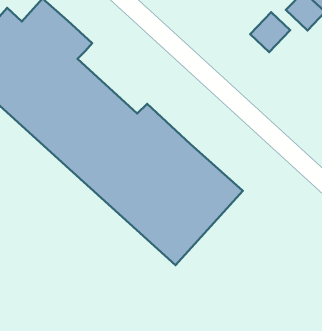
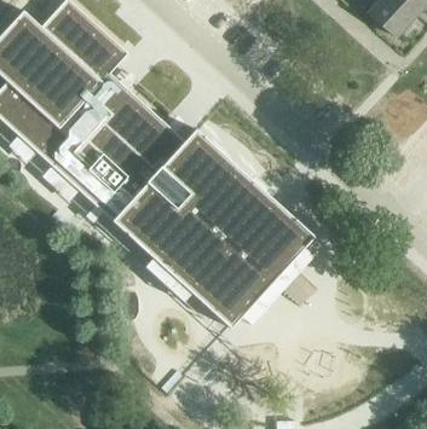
building: [250,12,290,52] -> none

